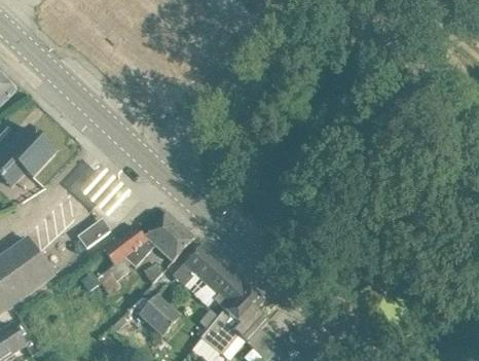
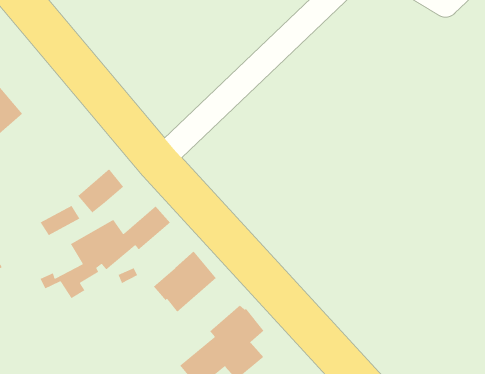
building: [157,223,193,260] -> [77,168,124,213]
building: [193,262,242,305] -> none
building: [138,293,180,335] -> none

